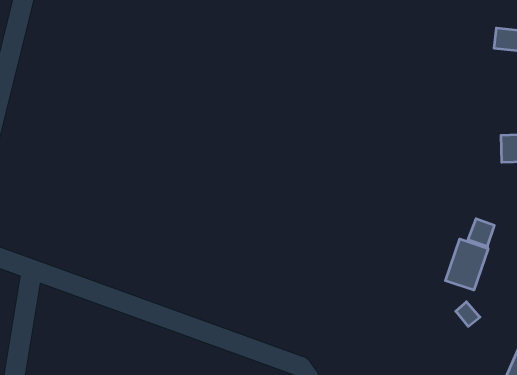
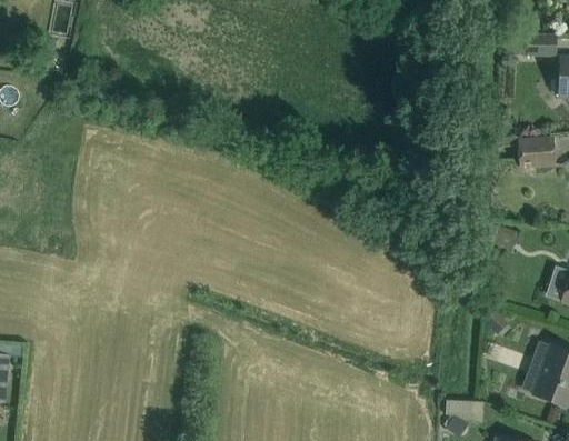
building: [445,239,488,290] -> none

